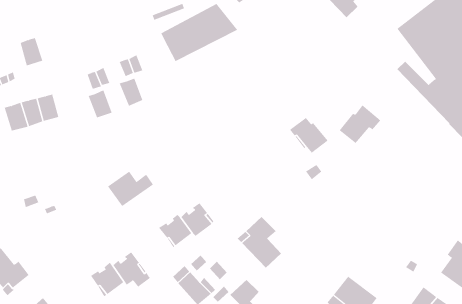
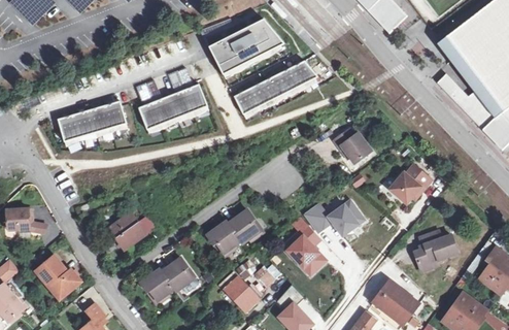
building: [20,37,43,66] -> [104,100,127,128]
building: none -> [233,60,317,114]
building: none -> [183,84,207,111]
building: none -> [154,95,177,124]
building: [339,104,381,144] -> [389,164,431,202]
building: [107,171,154,207] -> [108,213,154,249]
building: none -> [303,200,363,235]
building: none -> [413,230,456,271]

